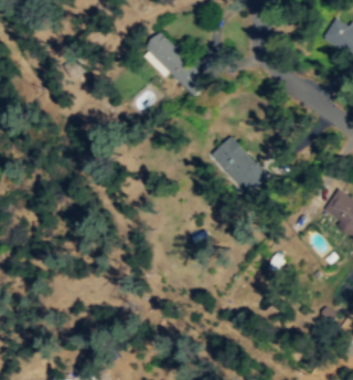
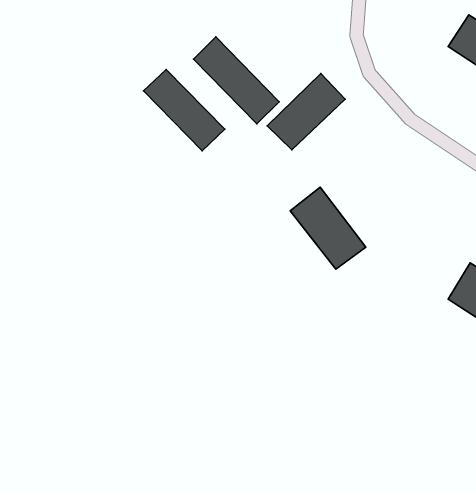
building: none -> [144,69,225,151]
building: none -> [267,73,345,150]

